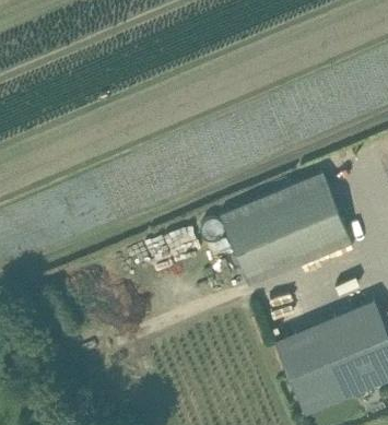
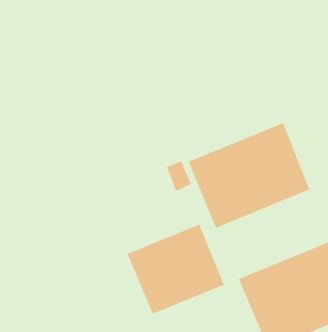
building: none -> [127,224,224,314]

